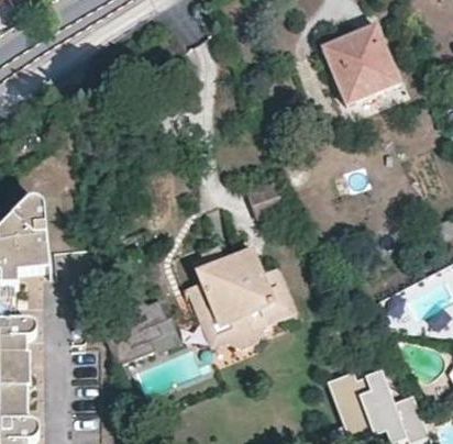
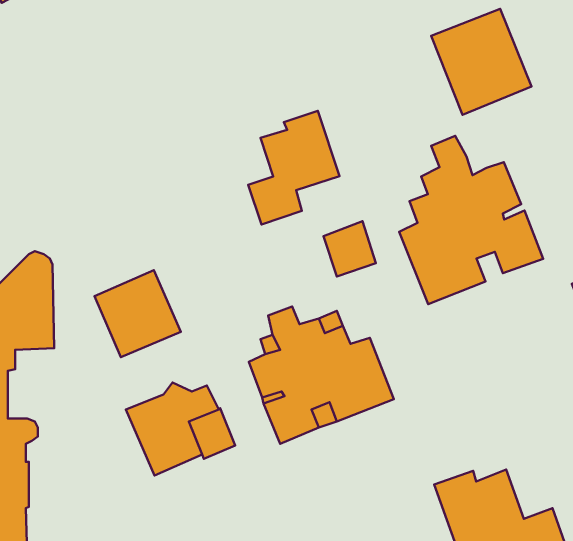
building: none -> [248,111,339,224]
building: none -> [399,136,543,304]
building: none -> [95,270,181,357]

